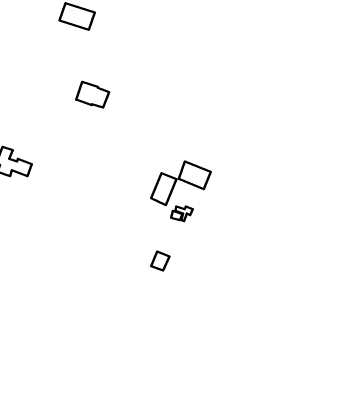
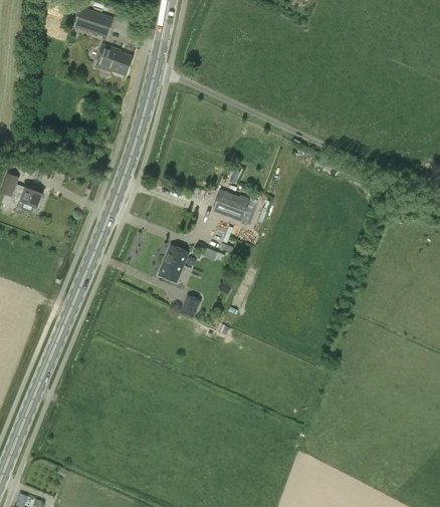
building: [76,82,109,108] -> [95,44,134,74]
building: [151,173,176,205] -> [160,245,189,282]

